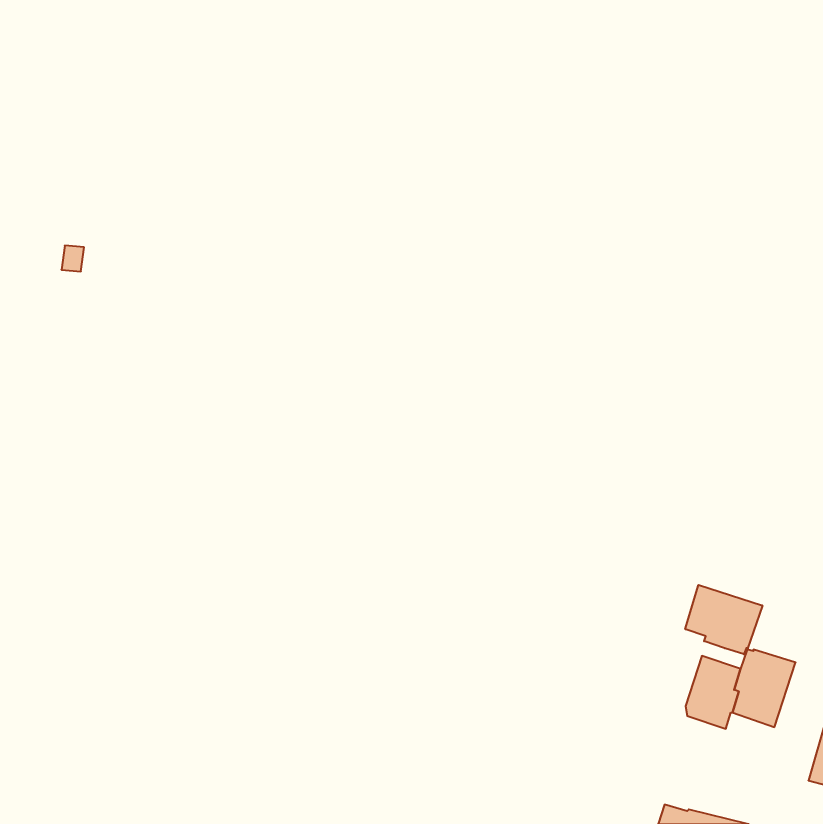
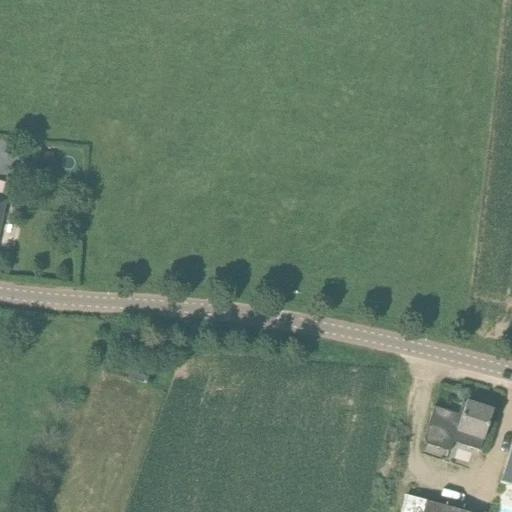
building: [685,585,762,654] -> none

